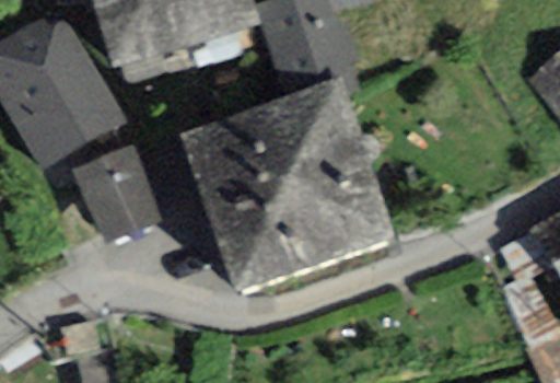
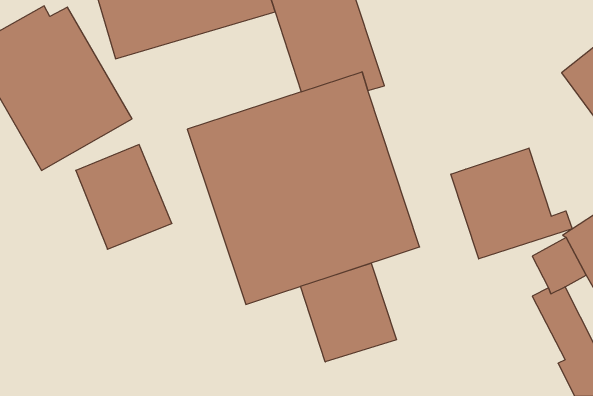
building: none -> [451,148,572,259]
building: none -> [301,263,396,362]

